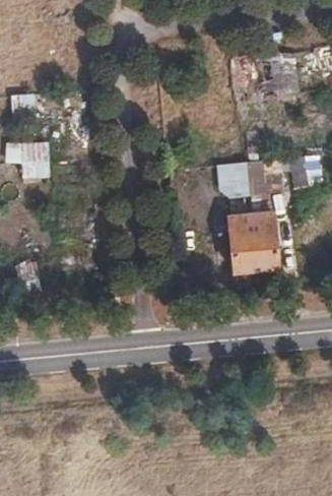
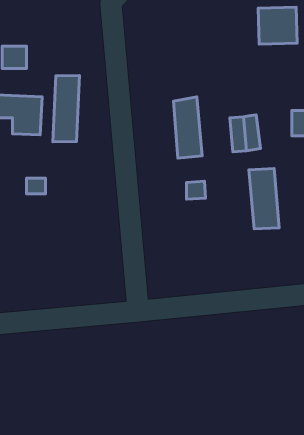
building: none -> [53,76,79,142]
building: [228,213,256,272] -> [174,97,202,158]

